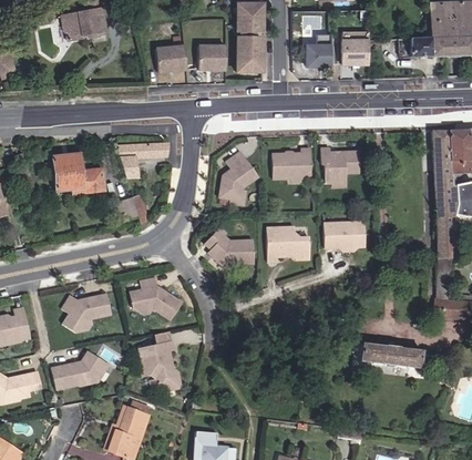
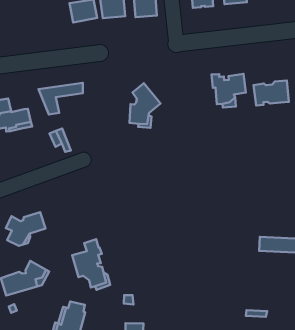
building: [273,147,310,178] -> none
building: [324,221,363,247] -> [254,80,289,106]
building: [205,226,253,264] -> none
building: [266,226,308,263] -> none
building: [129,278,179,317] -> none

